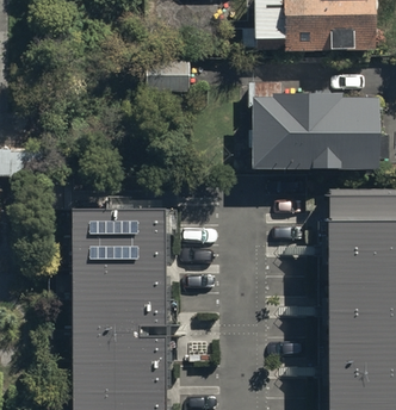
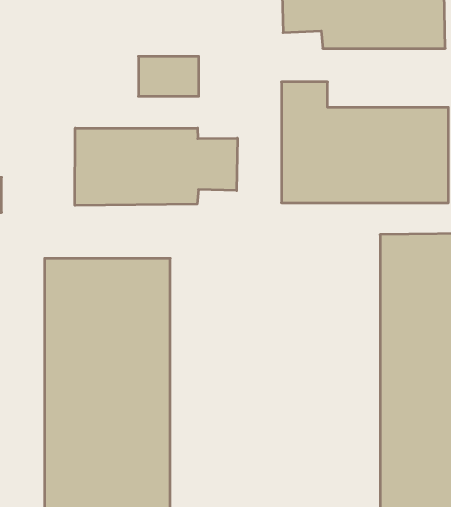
building: none -> [75,128,237,205]

